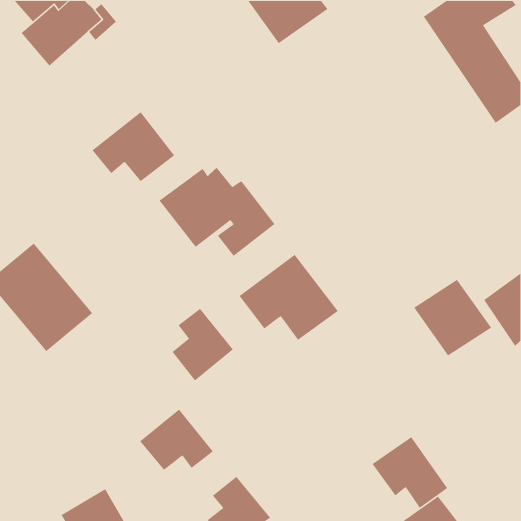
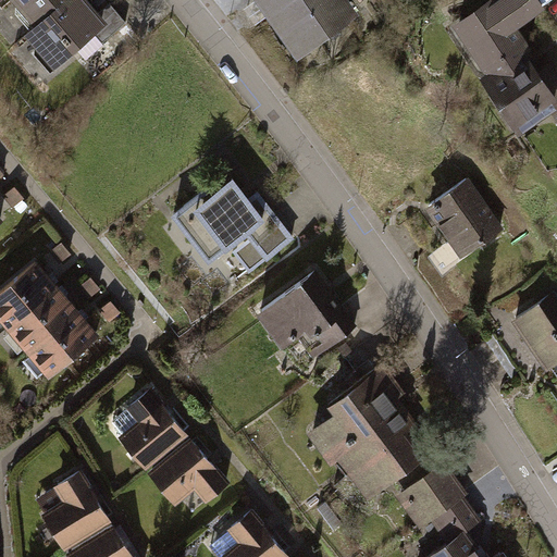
building: [91,111,175,182] -> none
building: [413,279,492,357] -> [422,177,506,260]
building: [171,308,234,381] -> [120,389,186,468]
building: none -> [300,362,425,504]
building: none -> [47,468,109,544]

